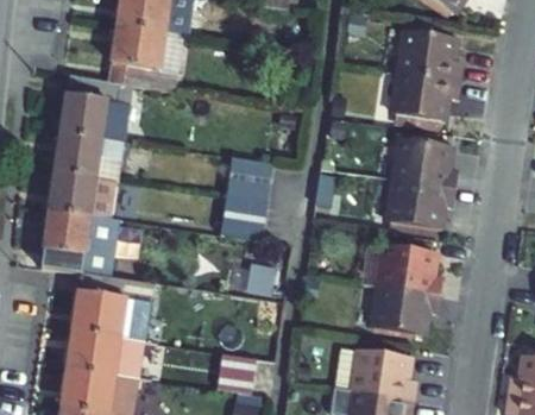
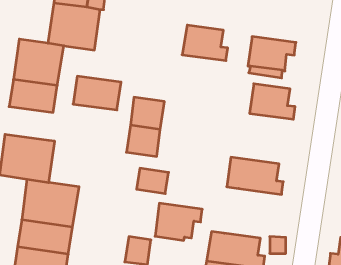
building: [397,30,461,80] -> [182,25,228,61]
building: [49,170,117,218] -> [73,76,121,110]
building: [386,180,455,234] -> none
building: [372,285,439,338] -> [155,203,202,240]

